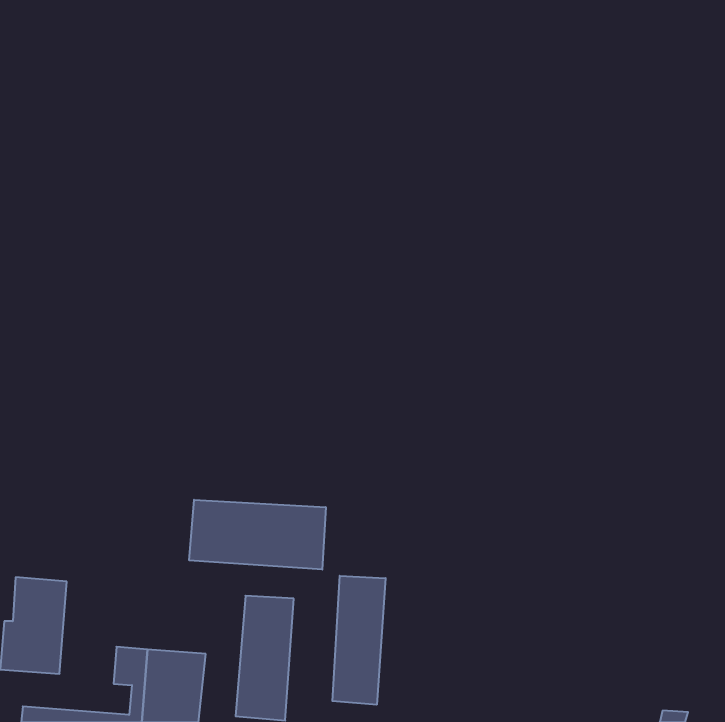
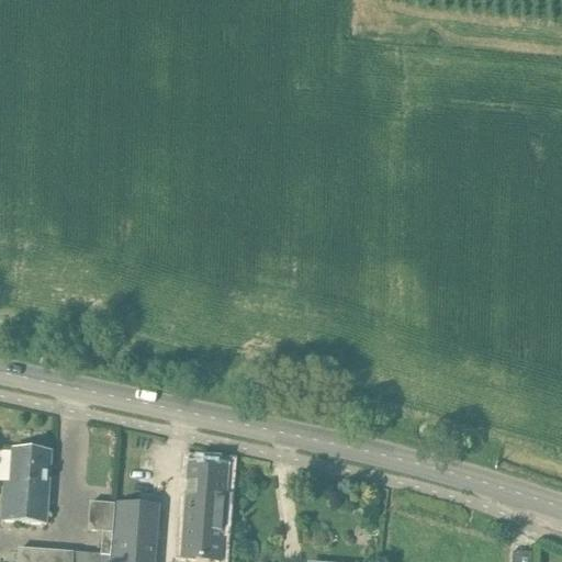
building: [189,500,326,570] -> none
building: [332,576,386,705] -> none

